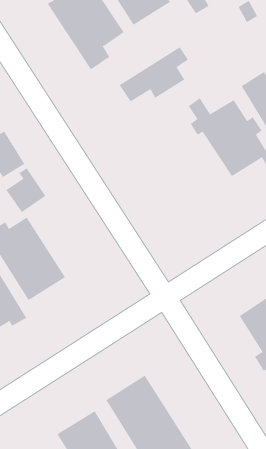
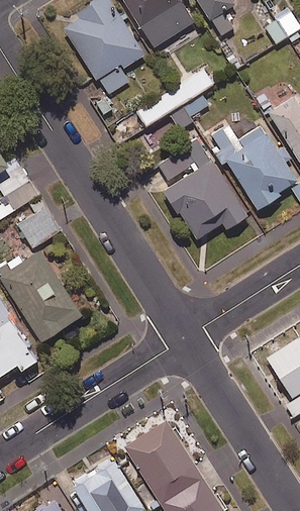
building: none -> [155,138,246,240]

